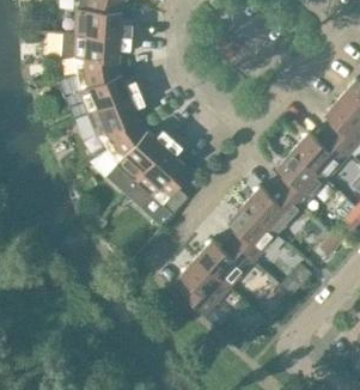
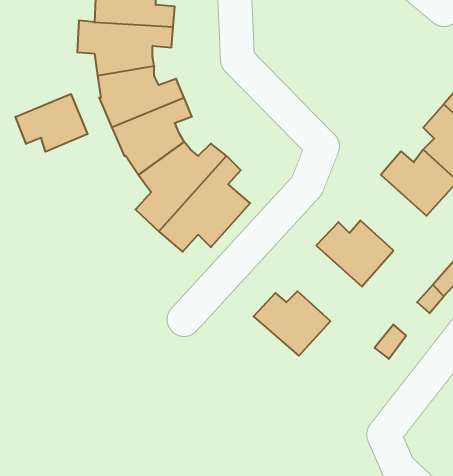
building: none -> [15,94,88,152]
building: [276,150,328,207] -> none
building: [228,203,279,261] -> none
building: [181,257,231,315] -> none

